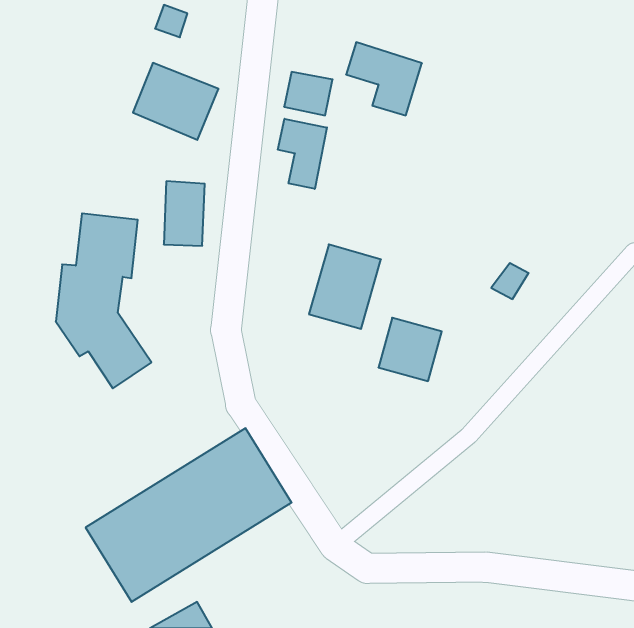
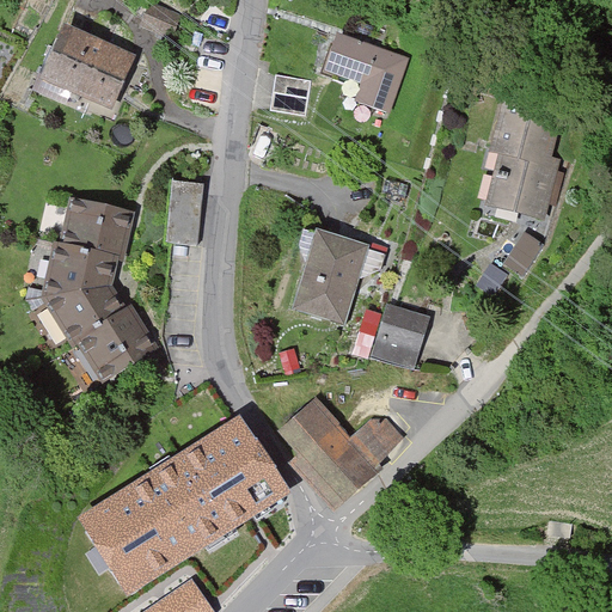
building: [133,63,219,140] -> [50,36,133,110]
building: none -> [489,106,559,269]
building: [278,119,327,189] -> none
building: none -> [283,410,405,504]

